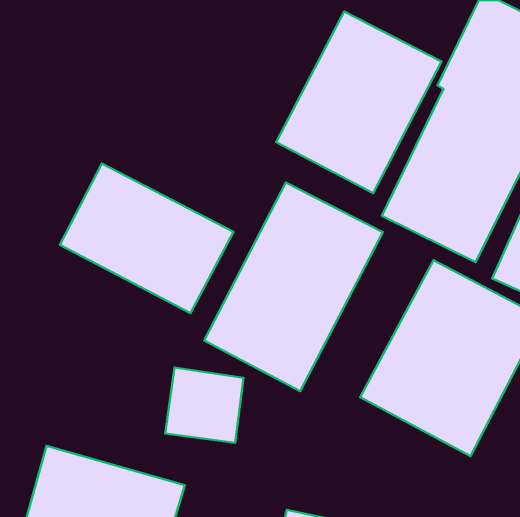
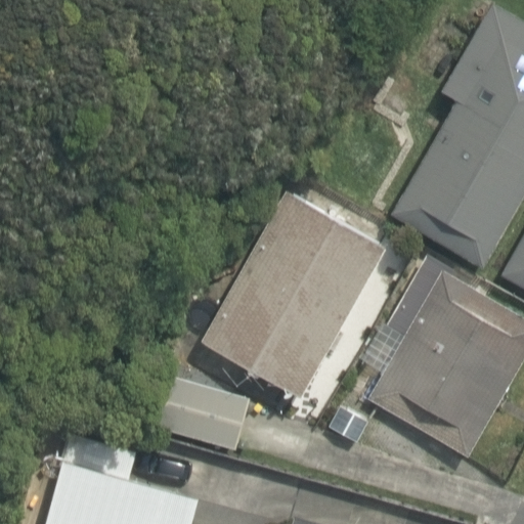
building: [276,12,441,193] -> none
building: [60,163,233,313] -> none

